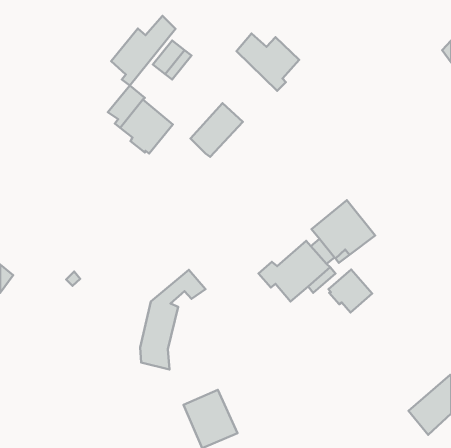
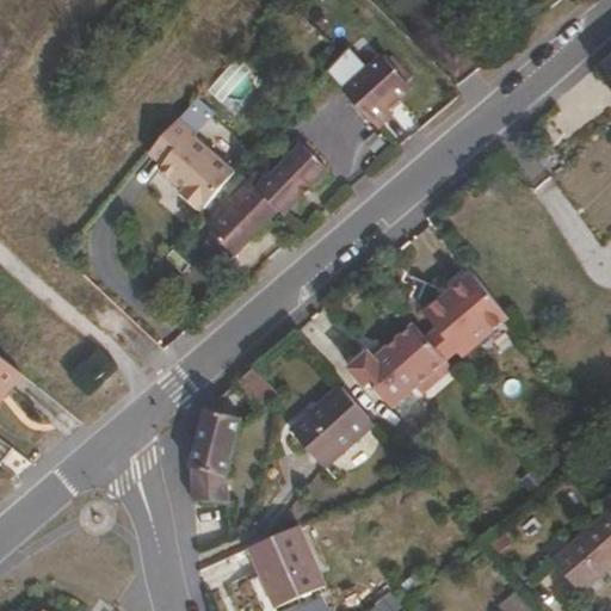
building: [111,16,175,86] -> none
building: none -> [203,179,278,263]
building: [328,269,372,313] -> none
building: none -> [290,383,375,468]

